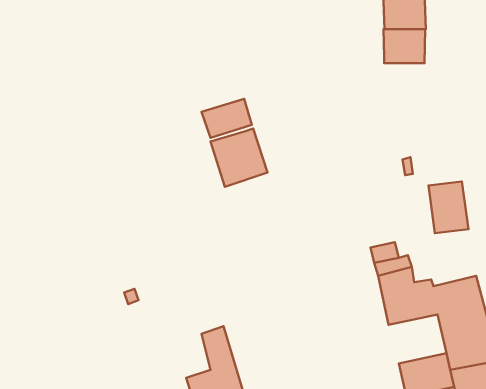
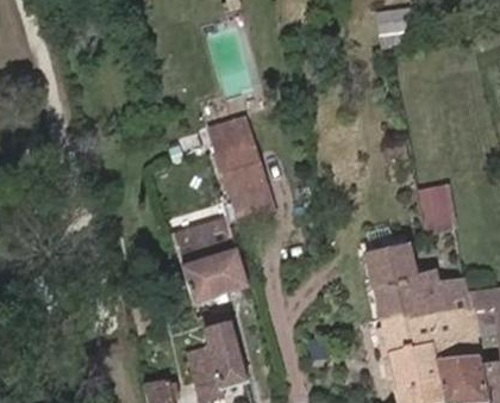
building: [384,29,425,63] -> none
building: none -> [229,178,276,219]
building: none -> [170,218,249,302]
building: none -> [380,309,433,354]

